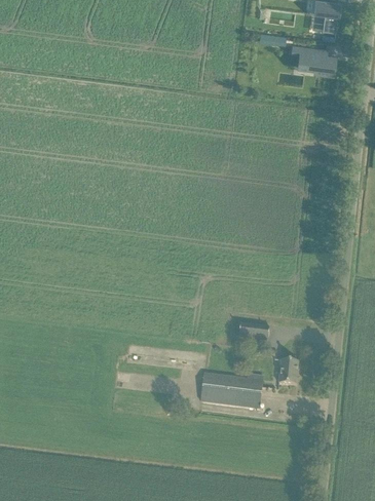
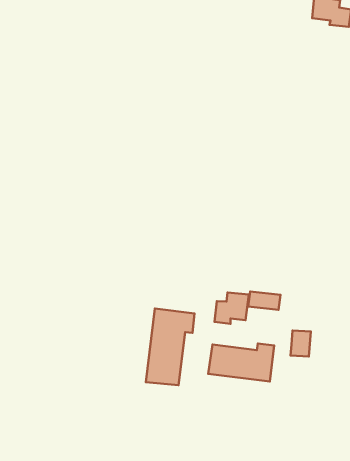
building: none -> [214,292,249,324]
building: none -> [146,308,195,385]

